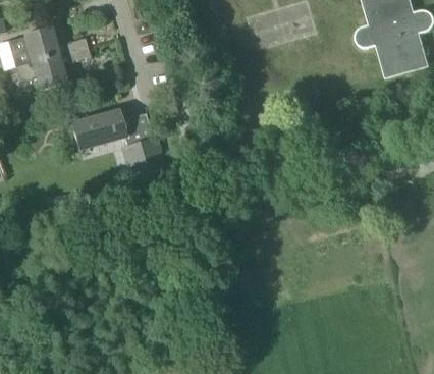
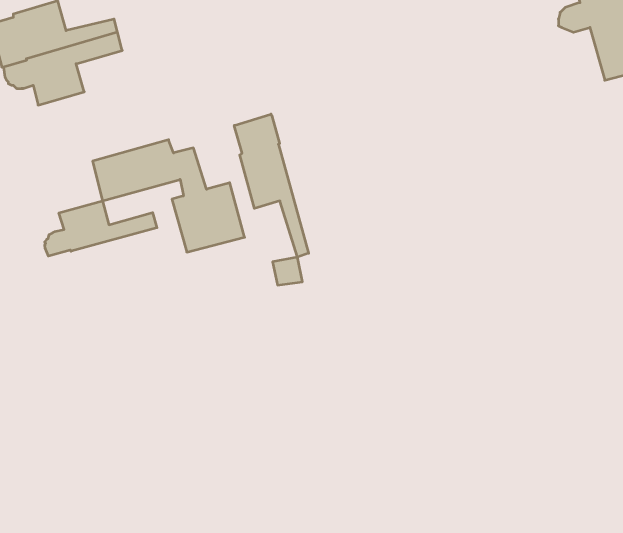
building: none -> [234,114,309,257]
building: none -> [45,201,157,256]

